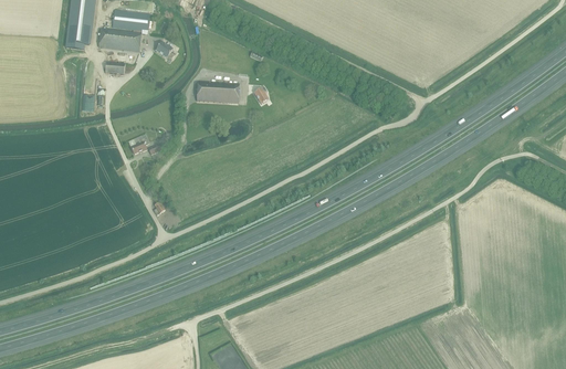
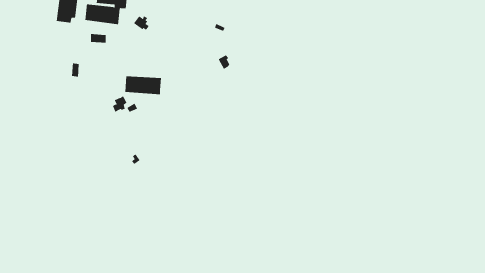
building: [196,81,239,103] -> [125,76,162,95]

